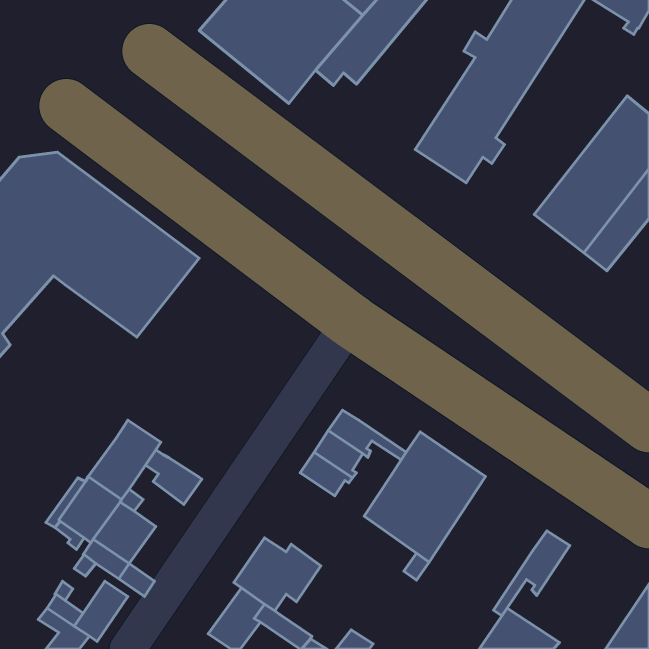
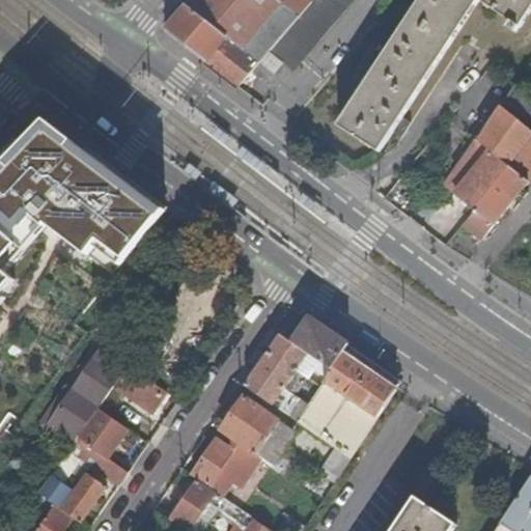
building: none -> [291,315,347,367]
building: none -> [220,394,296,469]
building: [493,531,570,616] -> none

